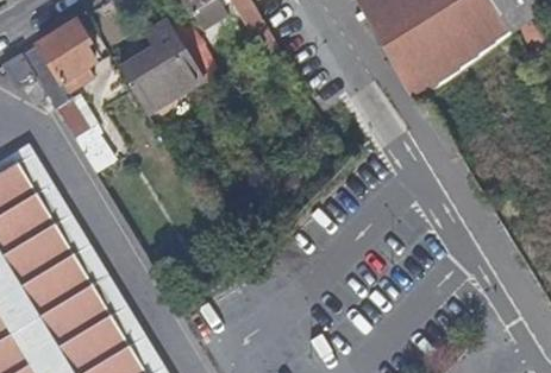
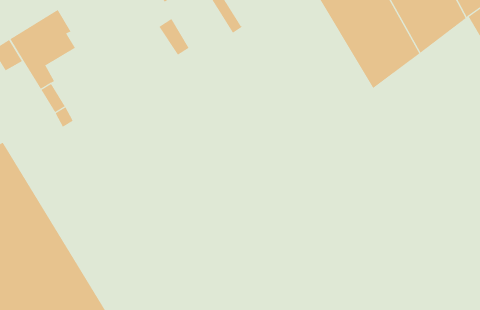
building: [119,15,205,112] -> none

